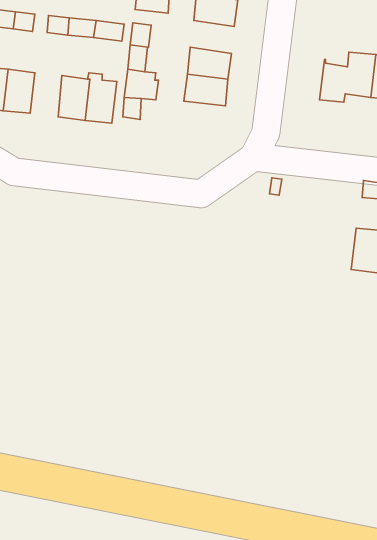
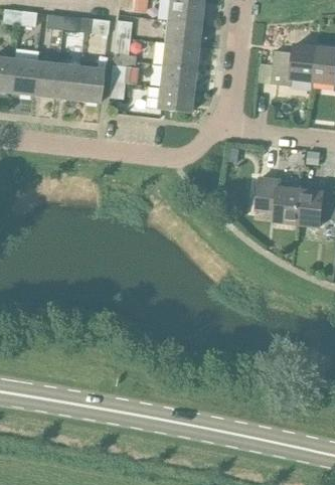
building: none -> [165,18,201,45]
building: none -> [33,61,59,98]
building: none -> [157,85,194,113]
building: none -> [258,177,302,223]

